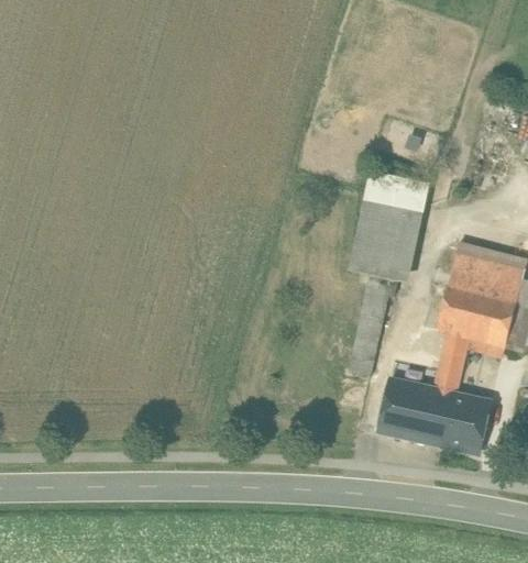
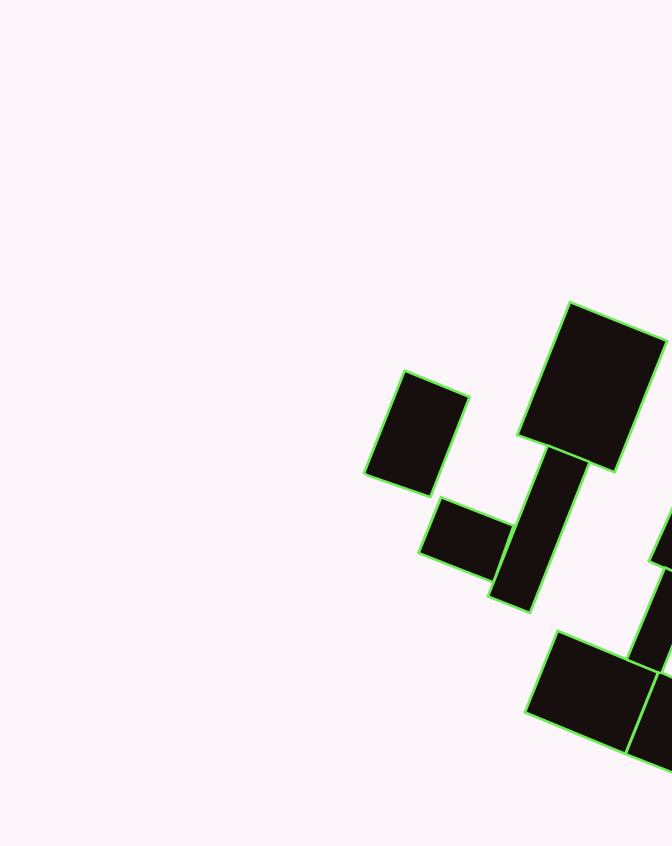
building: none -> [364,371,469,497]
building: none -> [419,497,514,582]

